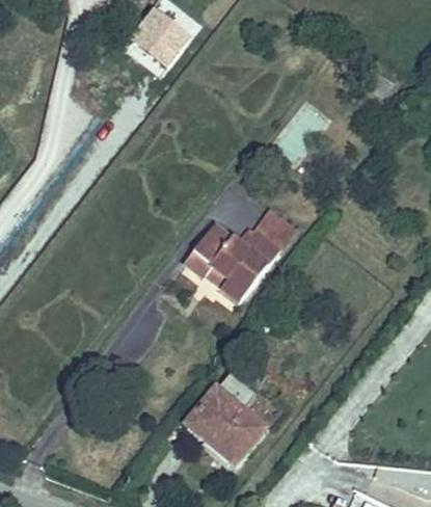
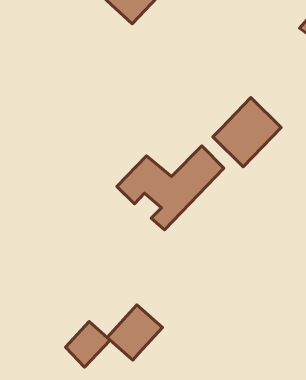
building: none -> [213,98,281,167]
building: [217,410,266,461] -> [65,321,110,367]

